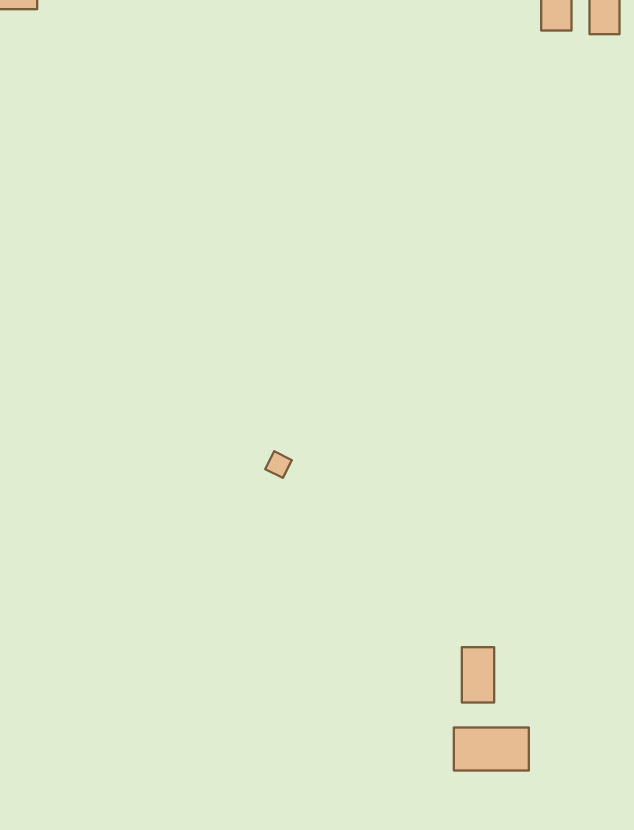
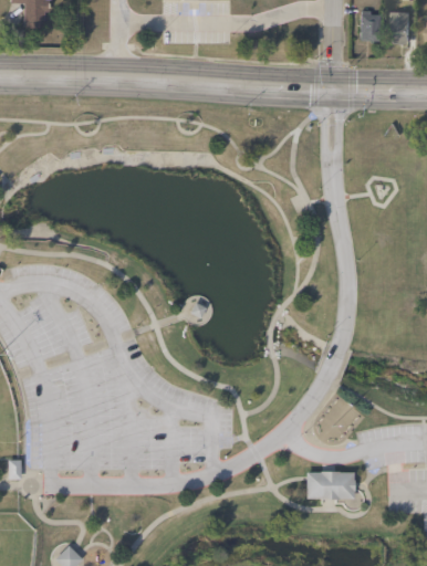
building: [462,647,494,702] -> none

